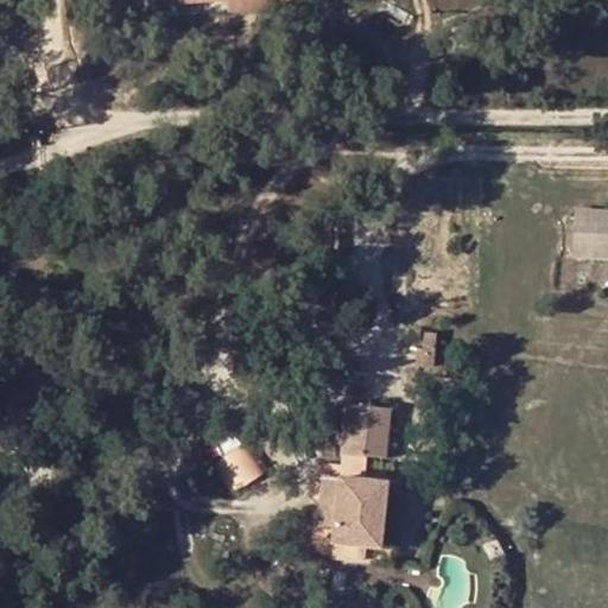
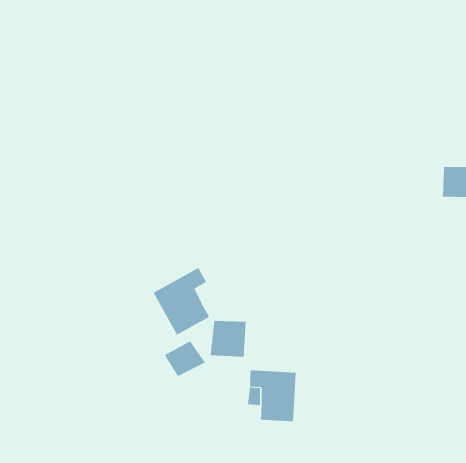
building: none -> [153,267,210,336]
building: [343,407,391,455] -> [210,321,246,357]

